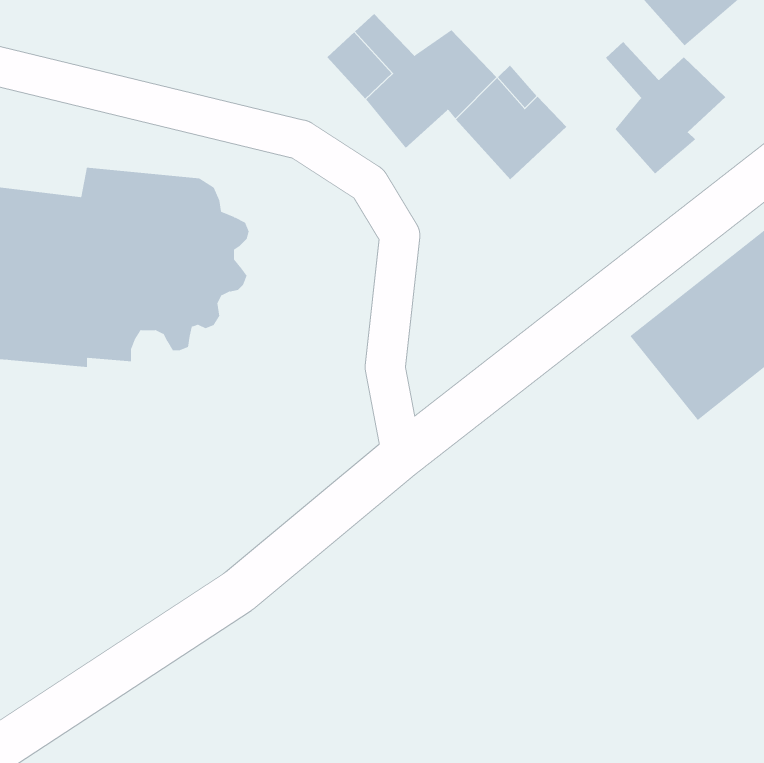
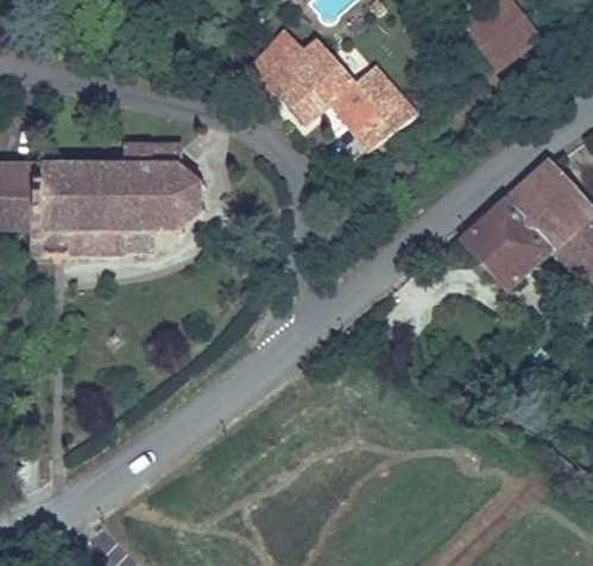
building: [605,41,726,174] -> none

